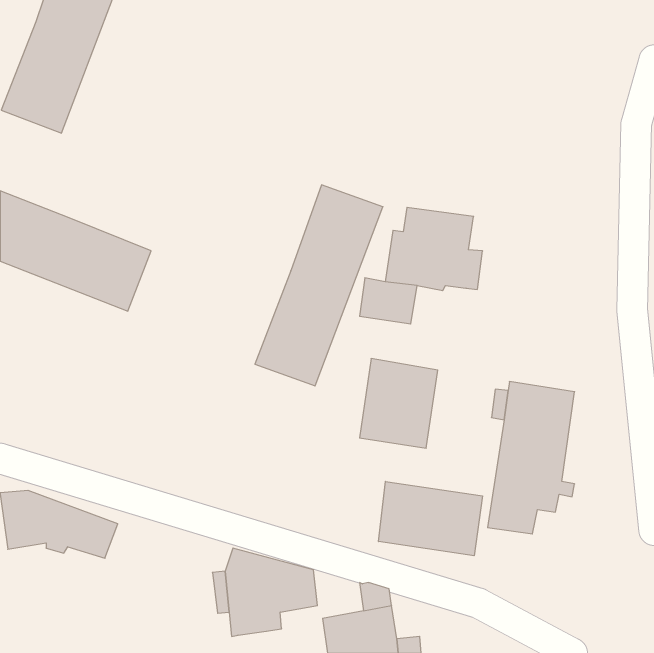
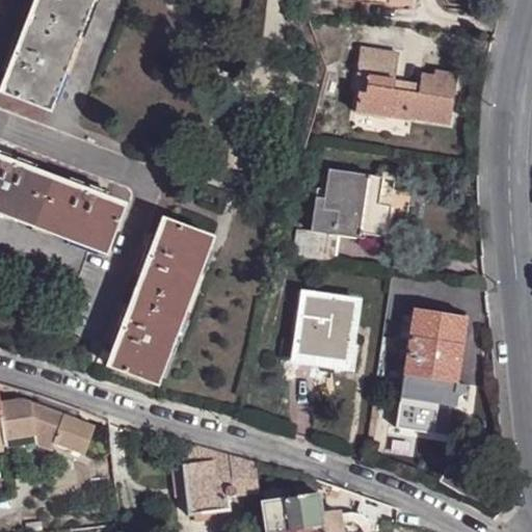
building: none -> [355,48,456,124]
building: [255,185,383,386] -> [107,219,211,382]
building: [379,481,482,556] -> none

